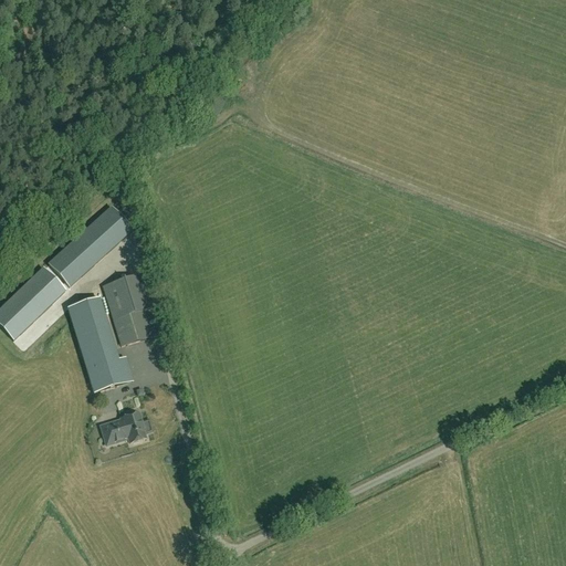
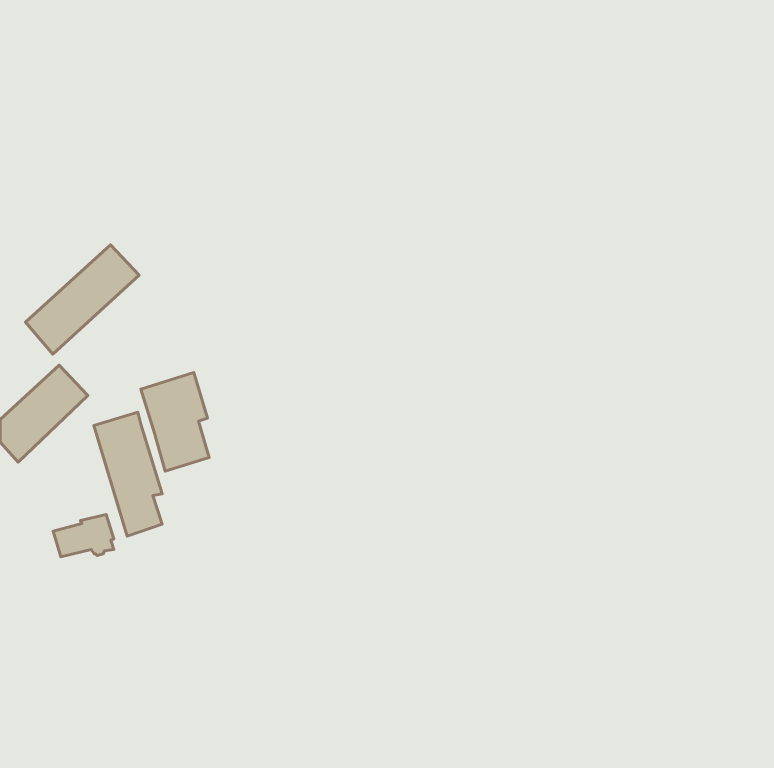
building: [49,206,132,285] -> [26,245,139,354]
building: [101,411,145,442] -> [53,515,114,557]

